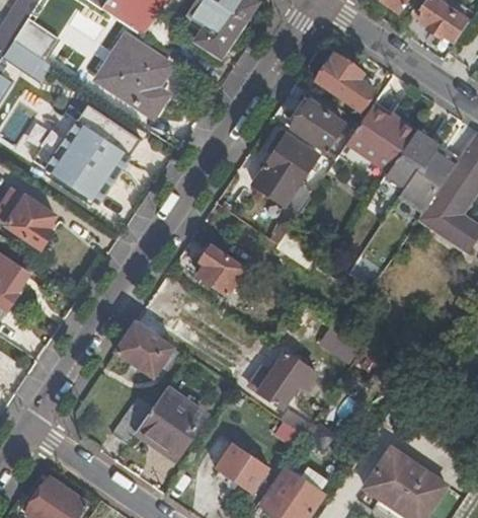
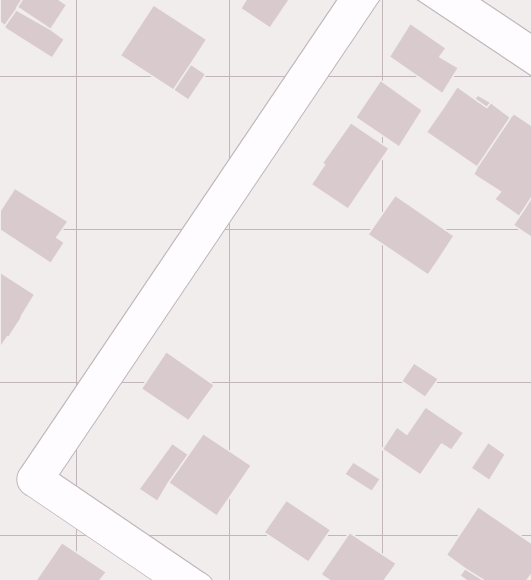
building: [32,107,141,207] -> none
building: none -> [368,195,454,275]
building: [200,247,247,297] -> none
building: [249,353,316,409] -> [382,407,464,475]

